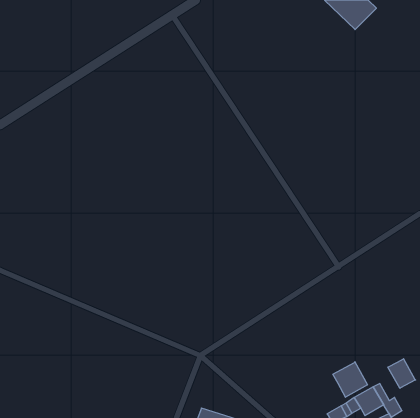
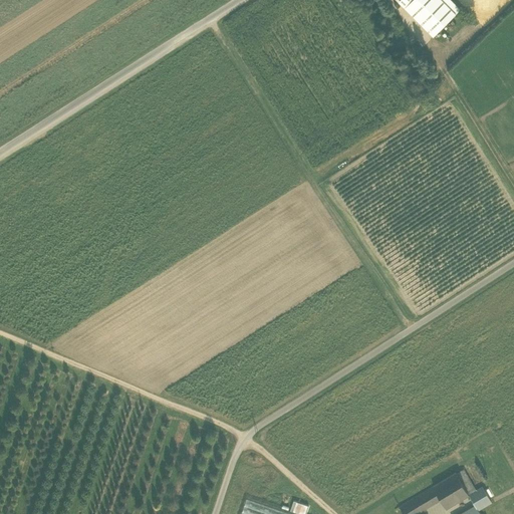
building: [388,359,416,388] -> none
building: [333,362,367,397] -> none

